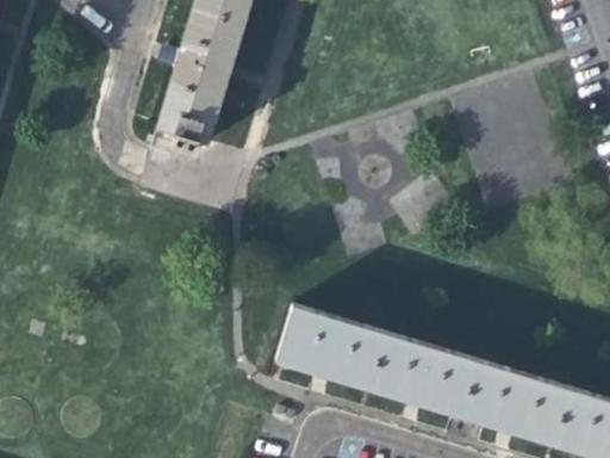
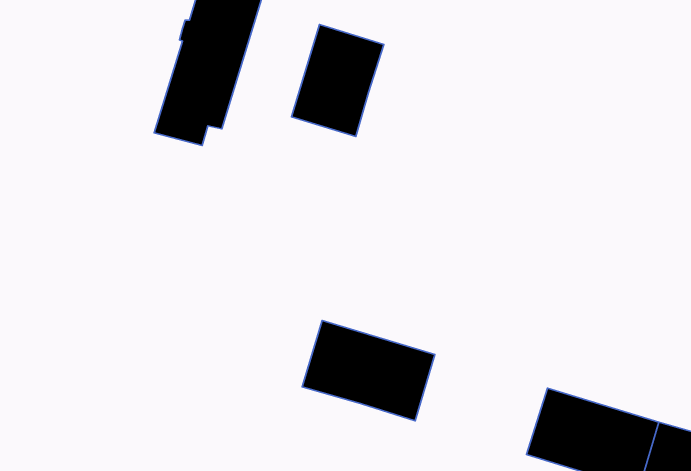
building: none -> [292,25,384,137]
building: [372,333,484,417] -> none

